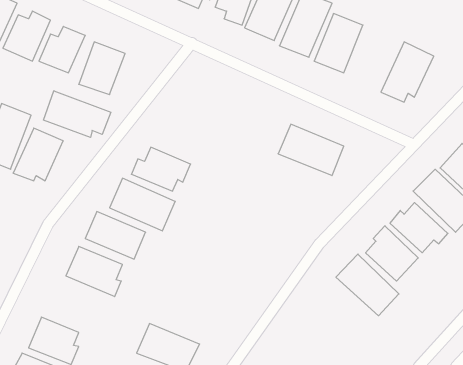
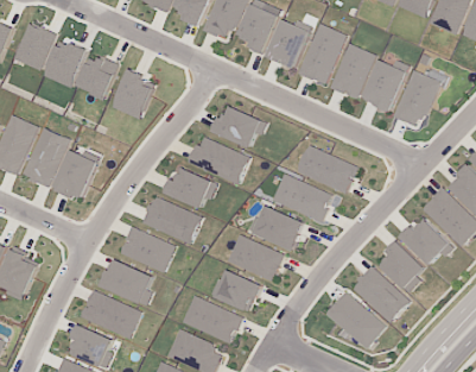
building: none -> [363,61,405,111]
building: none -> [214,106,266,146]
building: [43,91,111,137] -> none
building: none -> [189,137,249,184]
building: none -> [272,174,332,221]
building: none -> [247,207,305,250]
building: none -> [227,235,284,280]
building: none -> [210,270,261,313]
building: none -> [81,291,140,336]
building: none -> [324,292,386,348]
building: none -> [180,295,242,345]

